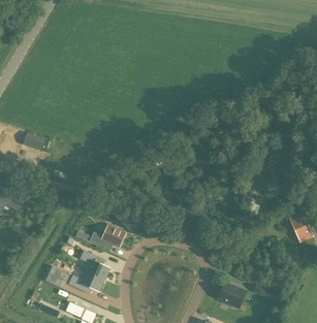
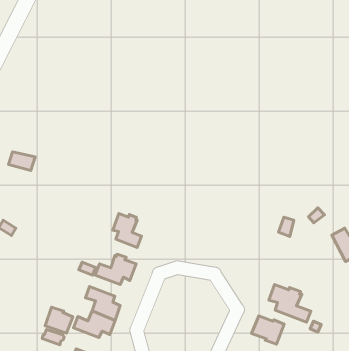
building: none -> [113,214,142,247]
building: none -> [269,284,311,322]

